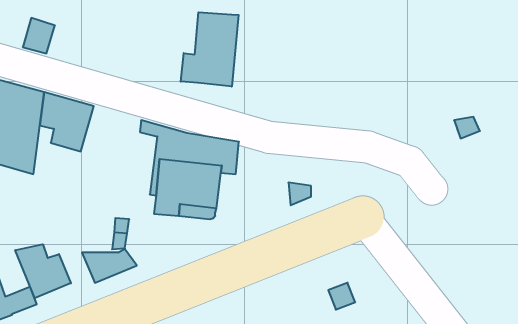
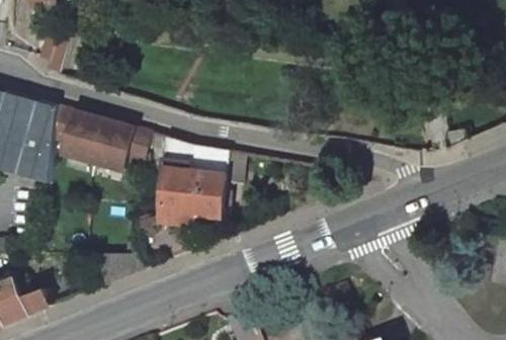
building: [181,12,239,87] -> none
building: none -> [90,117,147,168]
building: [15,244,71,298] -> none

